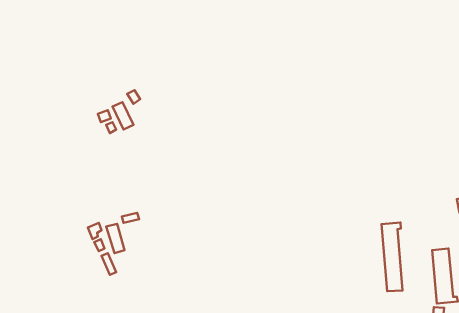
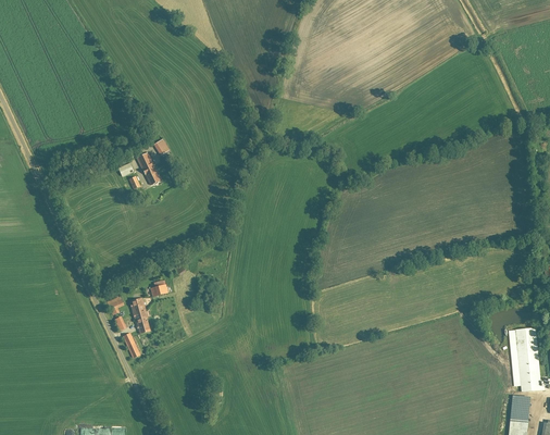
building: [381,223,402,291] -> none

